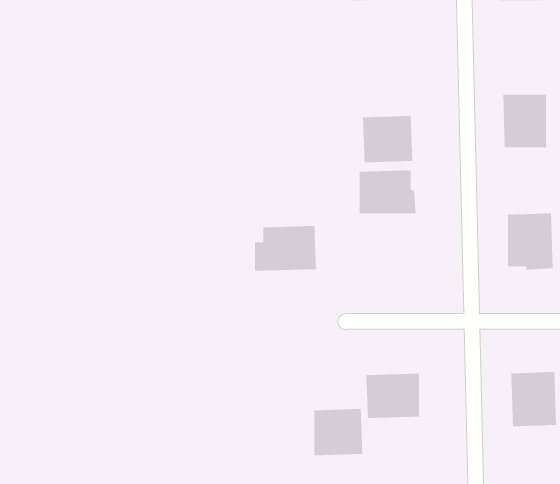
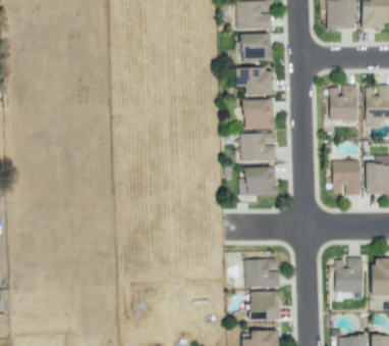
building: none -> [240,34,272,62]
building: none -> [235,68,273,94]
building: [254,225,317,271] -> [238,167,277,196]
building: [314,408,363,456] -> [249,291,280,320]

